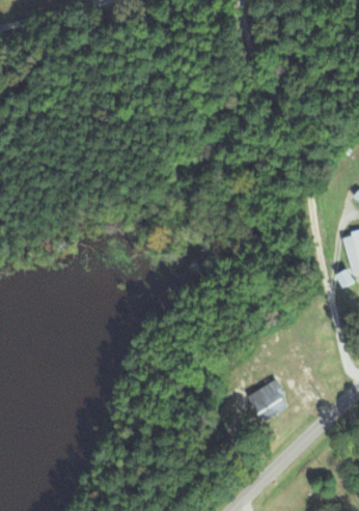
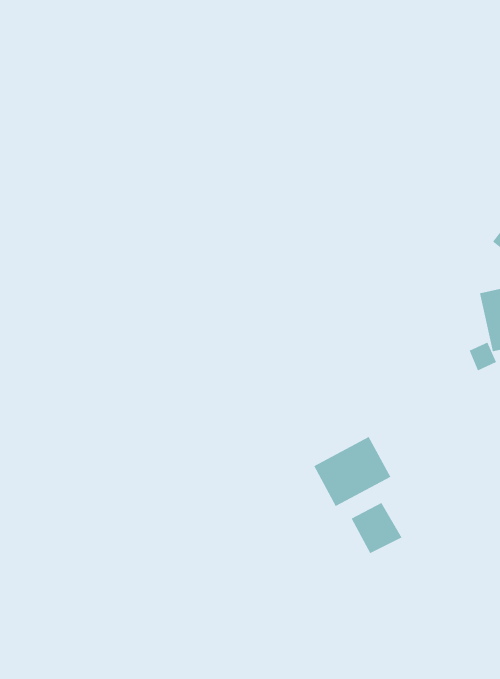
building: none -> [313,436,391,507]

